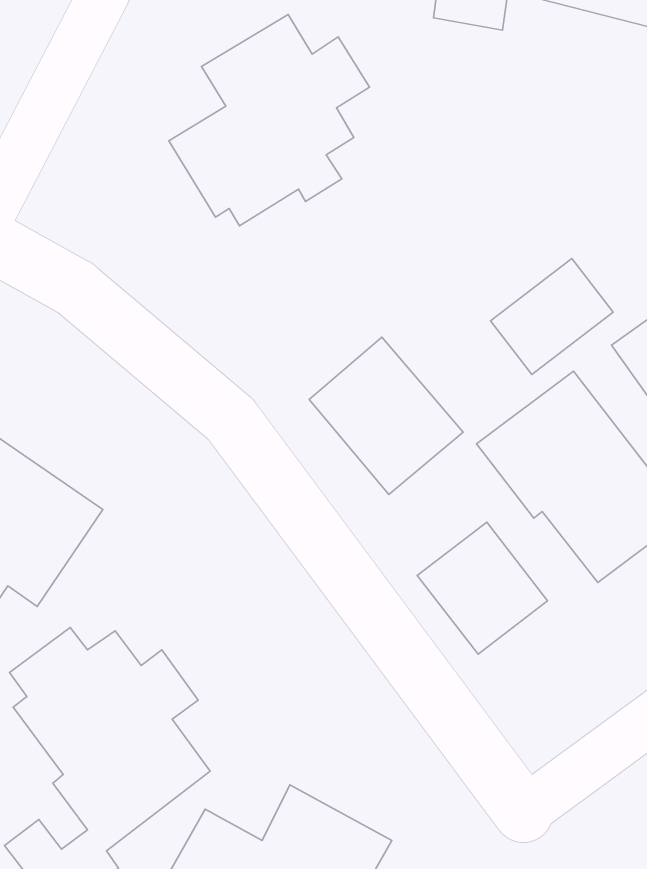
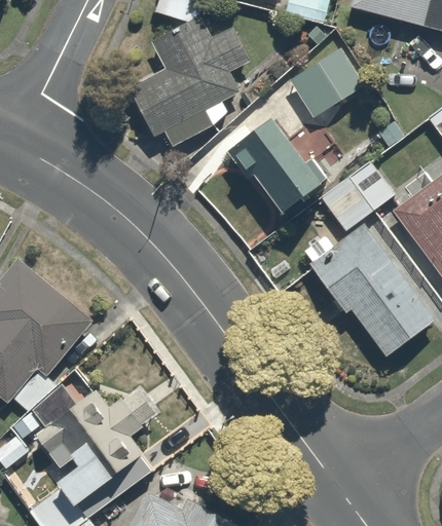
building: none -> [291,46,355,111]
building: [309,337,463,495] -> [226,118,318,212]
building: [417,522,547,654] -> none

